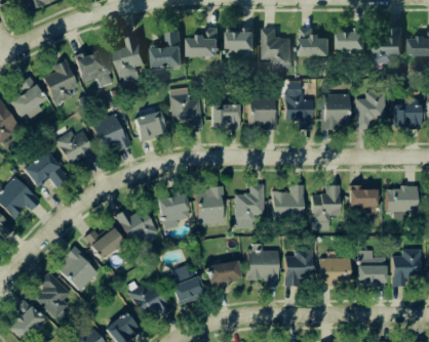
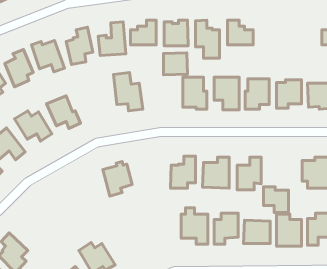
building: [337,27,365,48] -> none
building: [373,27,401,63] -> none
building: [210,104,238,130] -> [164,53,188,75]
building: [133,111,165,142] -> none
building: [194,184,225,223] -> none
building: [348,184,377,214] -> [263,187,288,212]
building: [114,207,157,240] -> none
building: [83,225,123,259] -> none
building: [55,247,96,289] -> none
building: [205,260,239,284] -> none
building: [170,265,203,304] -> none

